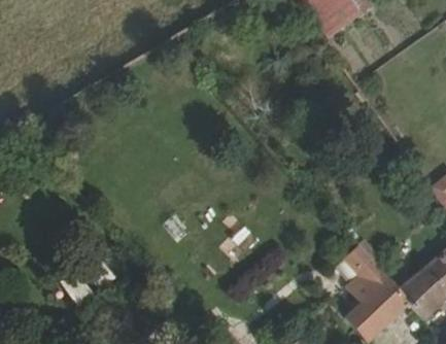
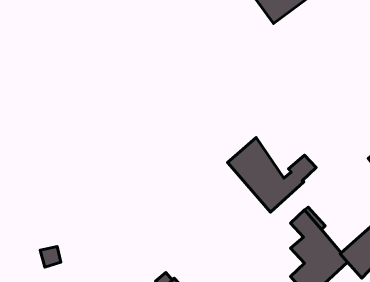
building: none -> [228,138,316,212]

